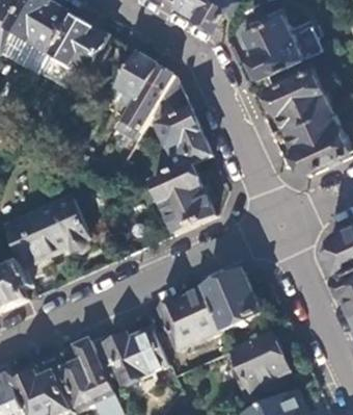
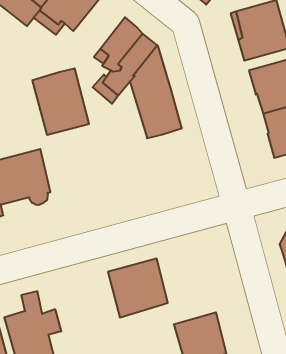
building: [148,163,212,234] -> [32,68,89,135]
building: [202,271,260,331] -> none
building: [103,330,165,385] -> none

